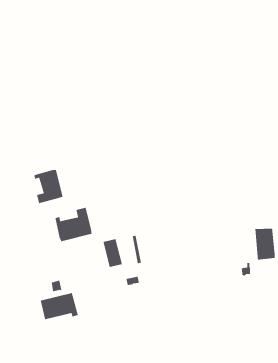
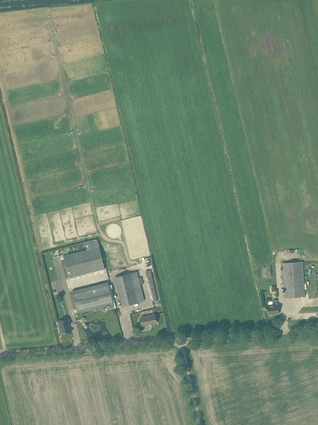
building: [34,169,64,204] -> none
building: [40,292,79,320] -> [72,281,115,312]

